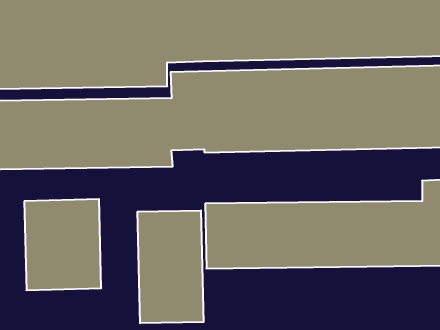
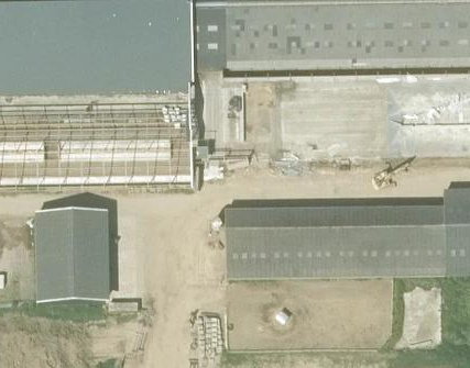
building: [137,210,204,323] -> none

